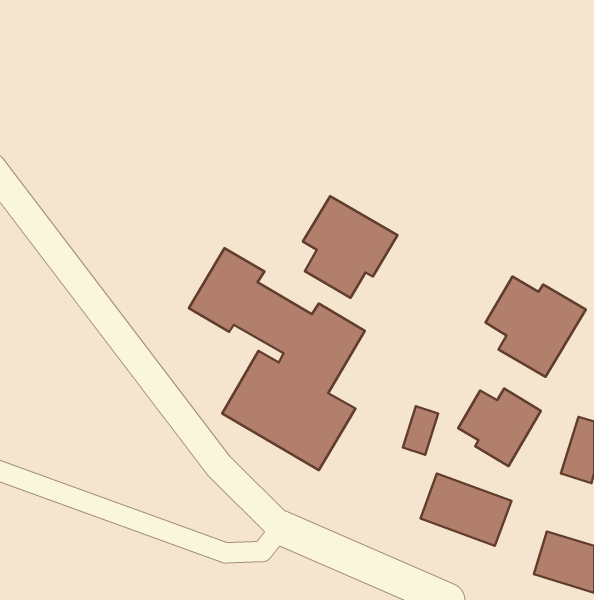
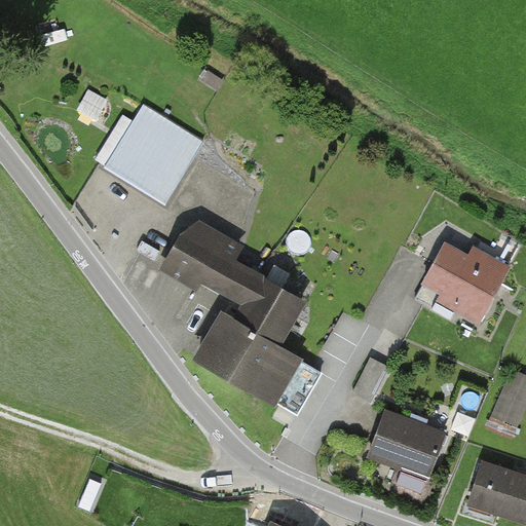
building: none -> [104,105,203,205]
building: [303,196,397,298] -> none
building: [458,389,541,466] -> none

